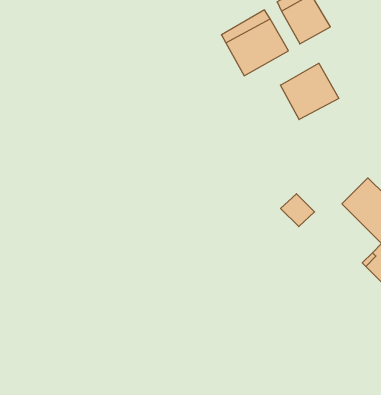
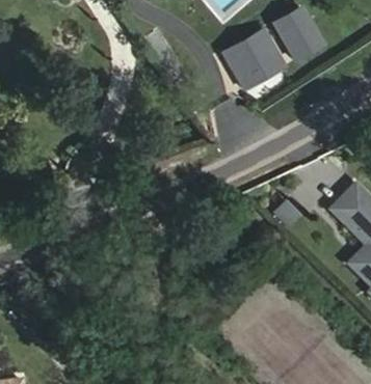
building: [280,63,339,120] -> none

